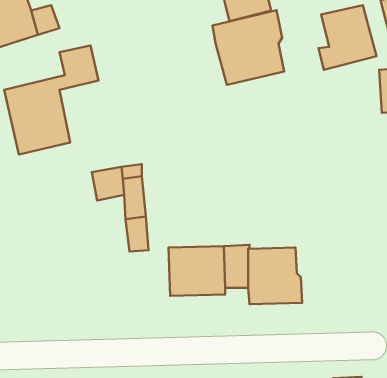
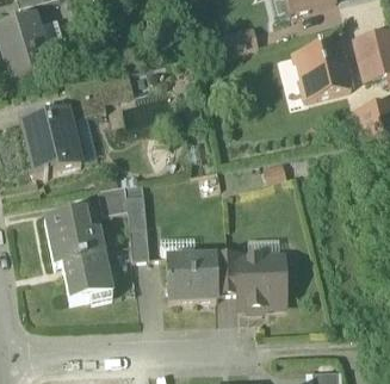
building: [212,10,284,85] -> none
building: none -> [43,209,111,301]

